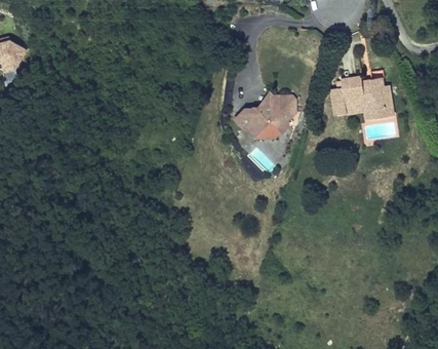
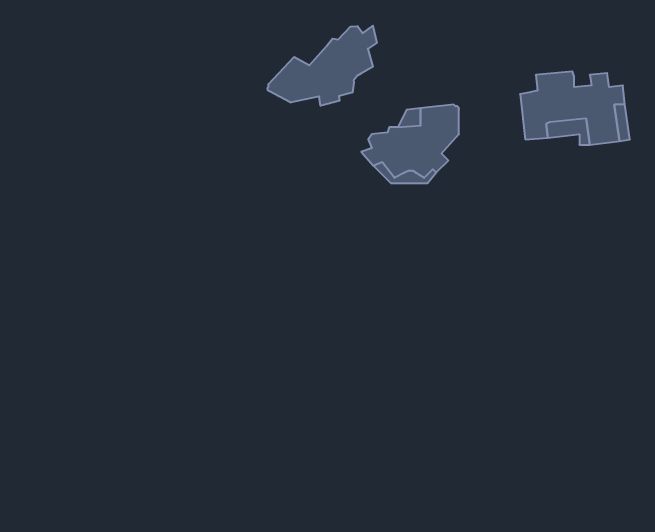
building: none -> [267,26,377,106]

